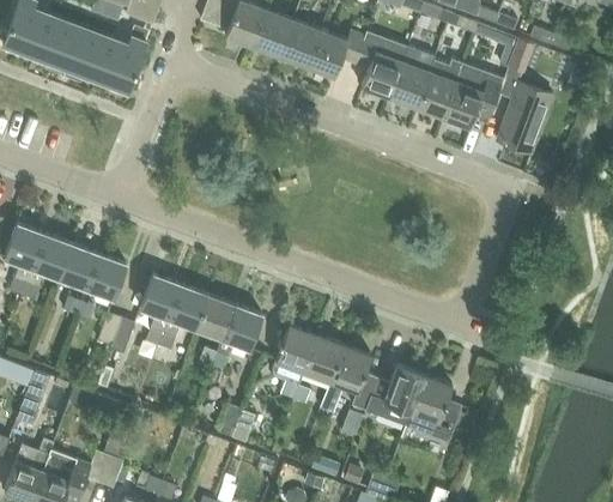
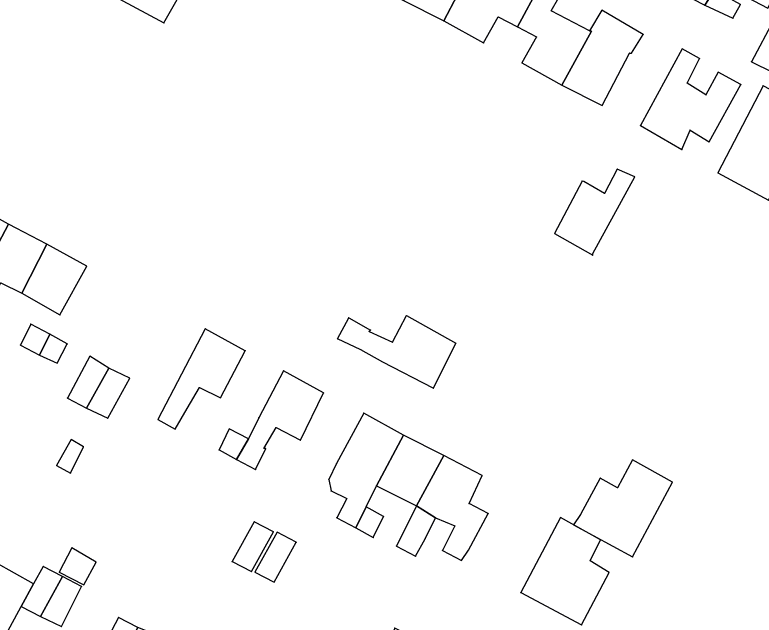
building: [417,60,463,117] -> [555,169,635,255]
building: [86,254,127,297] -> none
building: none -> [338,316,456,388]
building: [141,274,181,346] -> none
building: [196,295,235,337] -> none
building: [365,364,425,427] -> [574,460,672,557]

